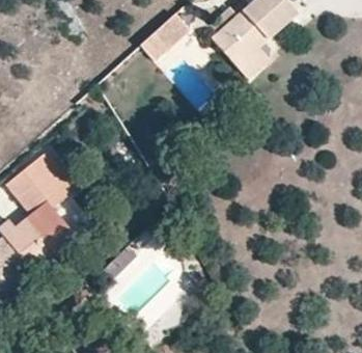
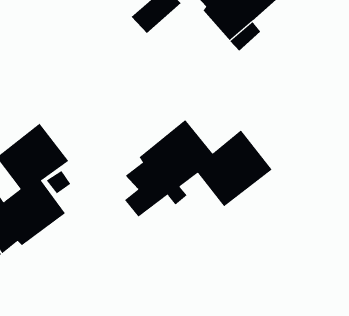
building: none -> [124,119,272,217]

